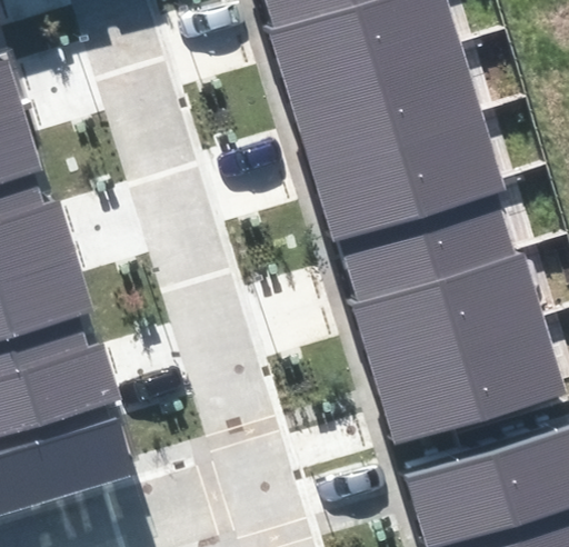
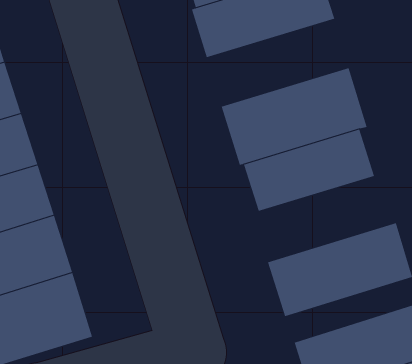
building: [289,44,481,162] -> none
building: [351,252,545,371] -> none

